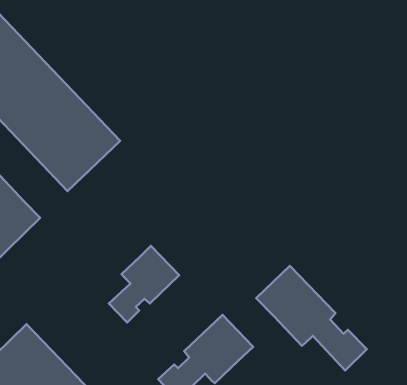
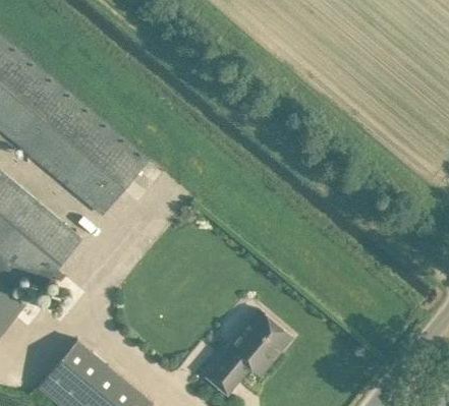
building: [109,246,179,322] -> none
building: [256,266,367,370] -> none

